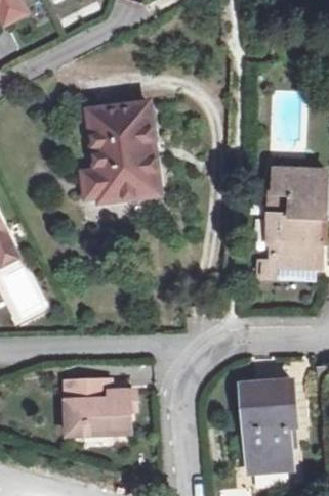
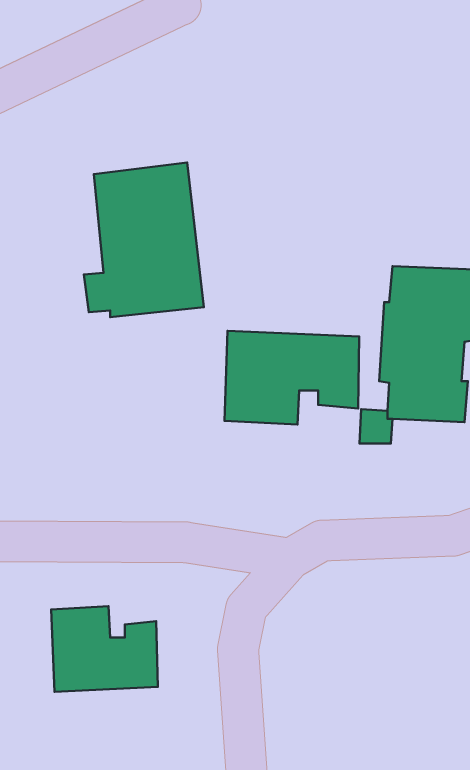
building: none -> [224,331,359,425]
building: [241,381,295,471] -> none

